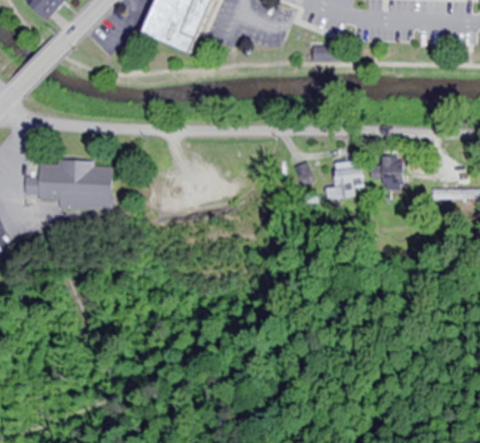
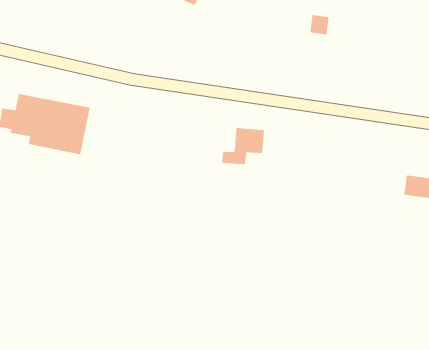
building: [377,157,401,184] -> none
building: [320,161,359,198] -> [221,127,265,165]

